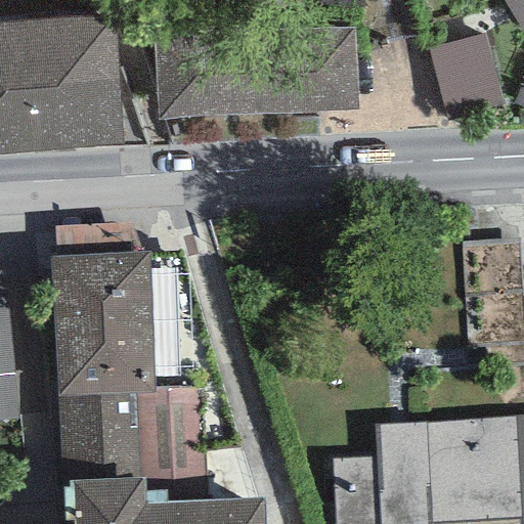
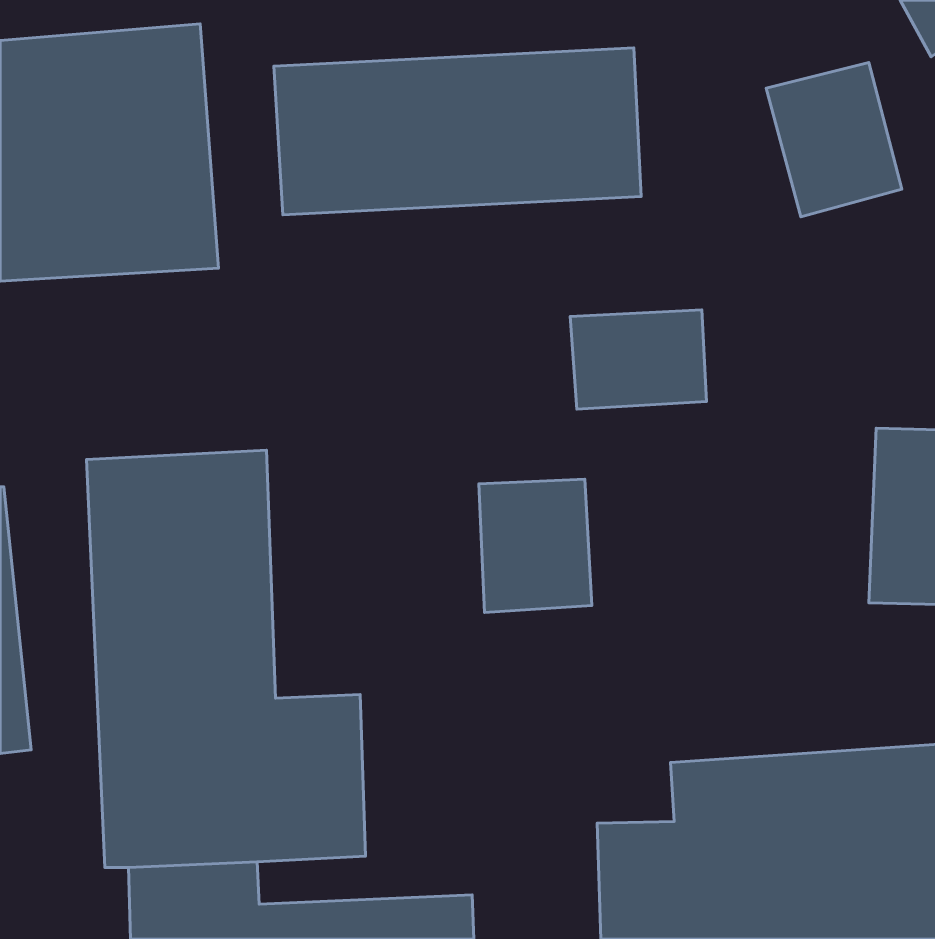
building: none -> [570,310,706,409]
building: none -> [479,479,592,613]

